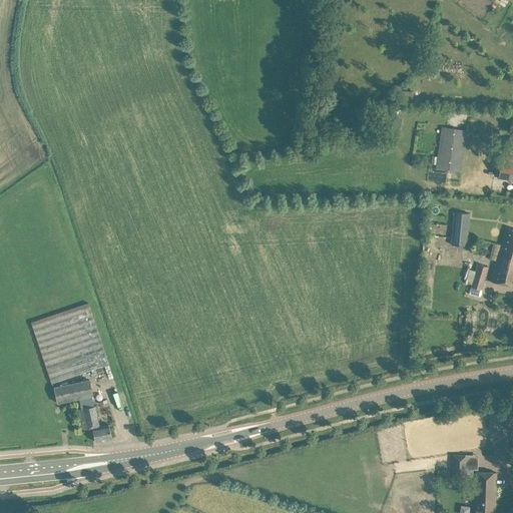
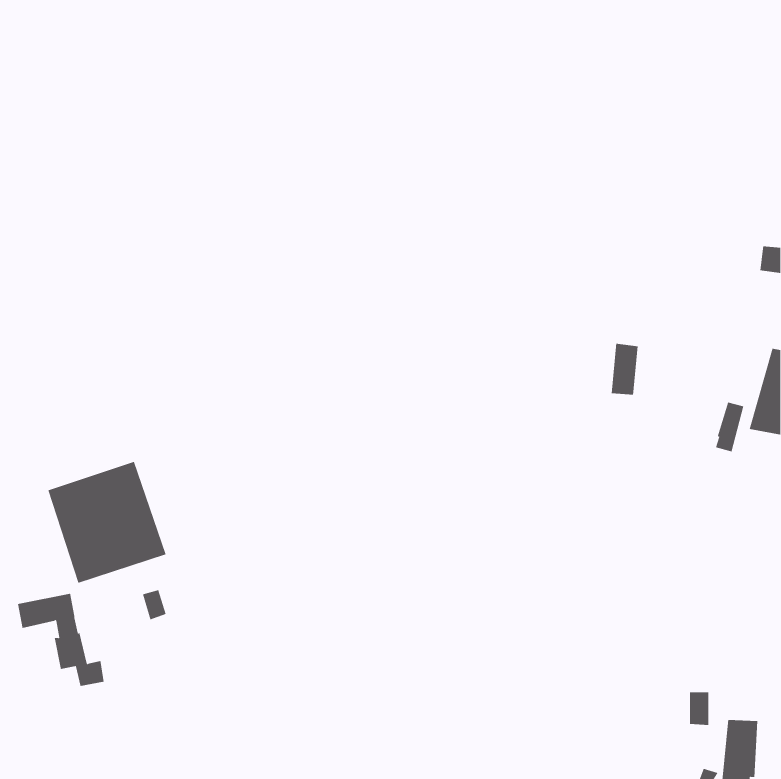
building: [436,128,466,173] -> none
building: [451,212,469,246] -> [611,343,638,395]
building: [54,381,111,442] -> [17,593,104,686]

